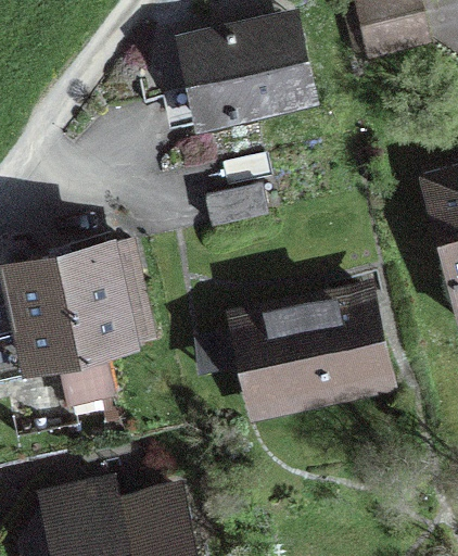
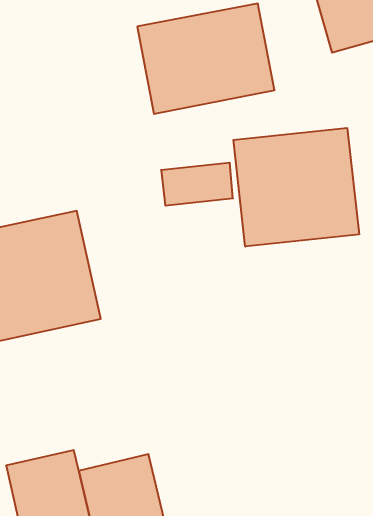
building: none -> [233,128,359,247]
building: [232,286,398,426] -> none

